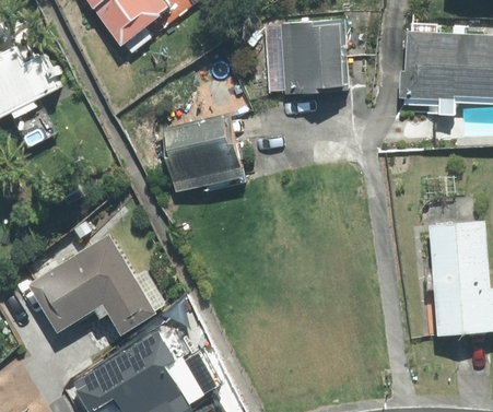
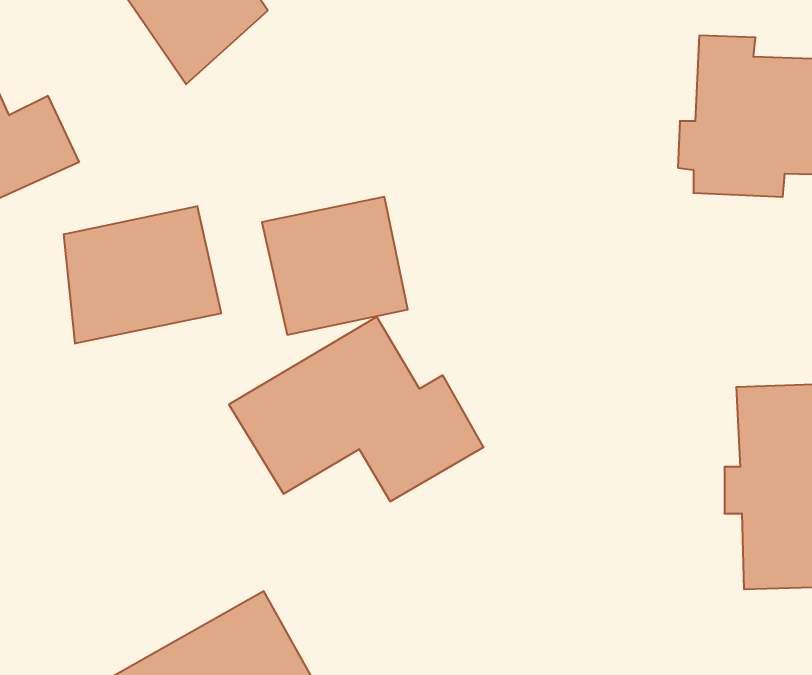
building: [283,21,342,98] -> none
building: none -> [64,206,221,344]
building: [27,234,171,338] -> [229,317,484,501]

